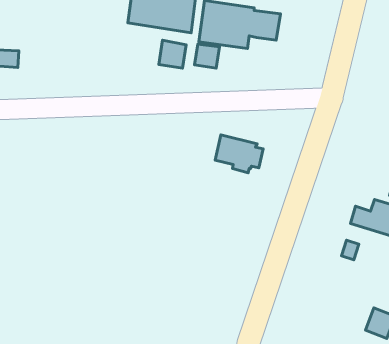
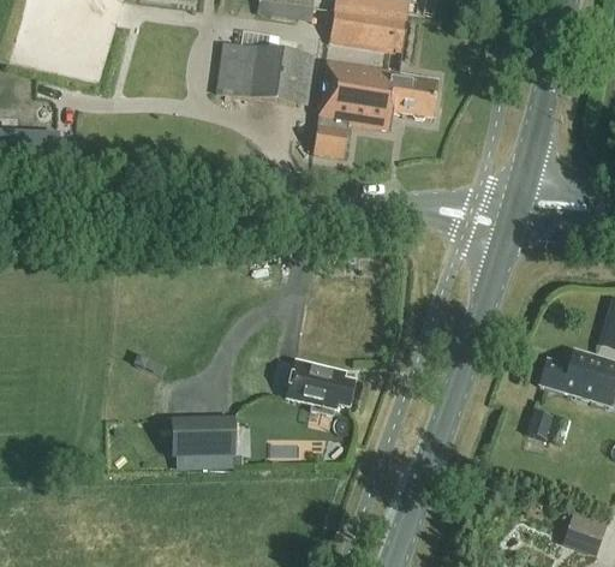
building: [159,40,186,68] -> none
building: [215,135,263,173] -> [286,359,356,414]
building: none -> [174,418,235,459]

